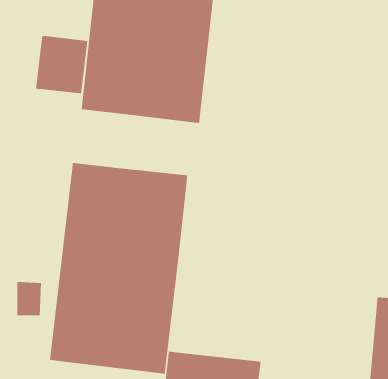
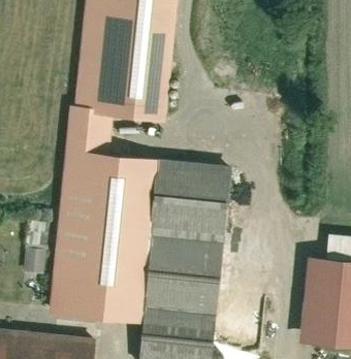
building: [35,36,88,94] -> [63,105,106,153]
building: none -> [151,159,234,232]
building: none -> [141,233,228,312]

